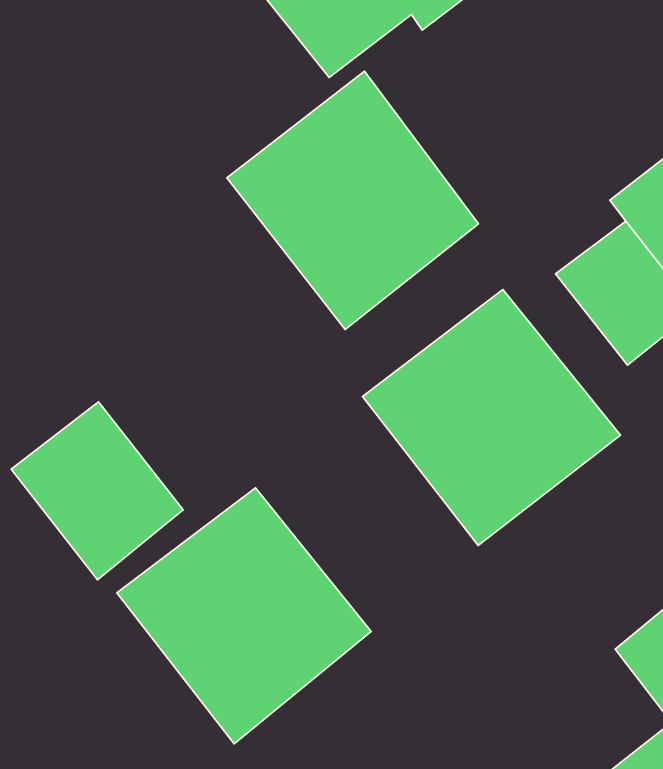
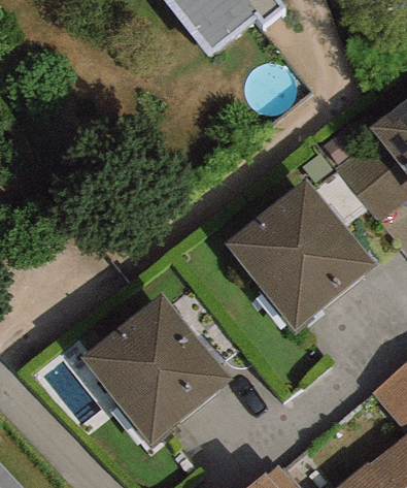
building: [227,71,479,330] -> none
building: [11,402,183,580] -> none

